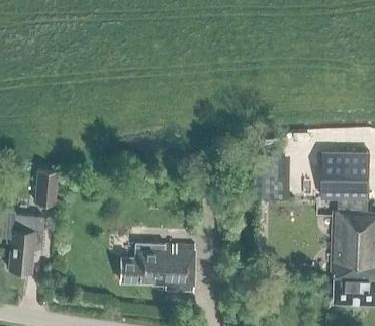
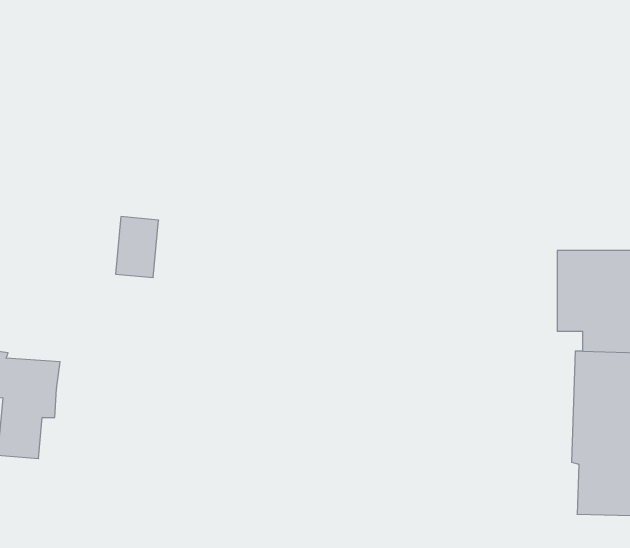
building: [33,169,58,203] -> [116,217,159,278]
building: [120,242,195,291] -> none

